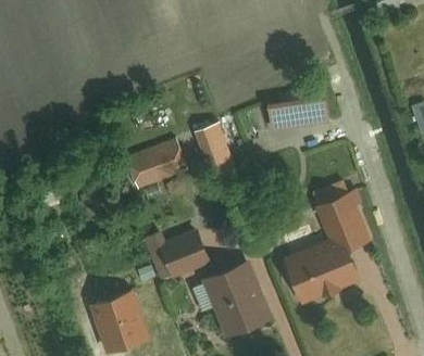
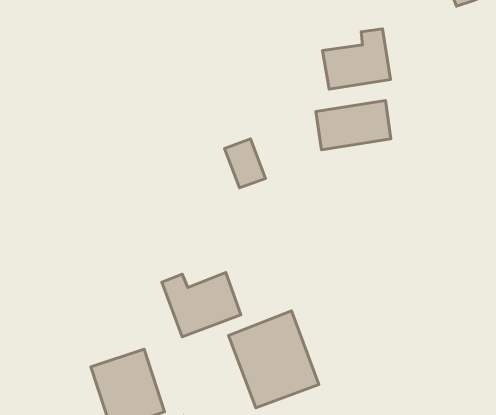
building: none -> [322,29,390,89]
building: [127,138,190,188] -> none
building: [285,191,374,303] -> none

